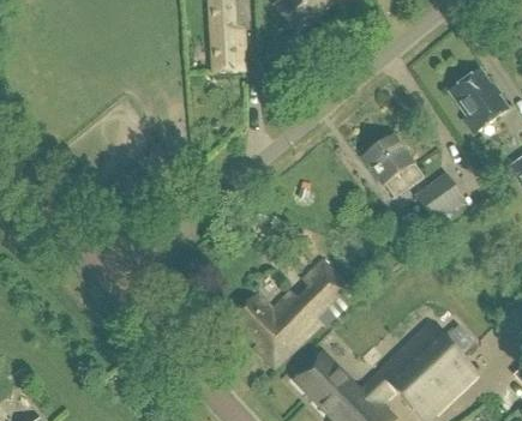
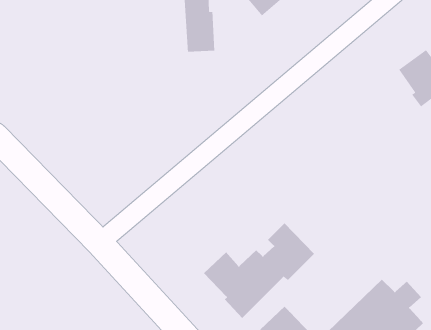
building: [361,133,424,197] -> none
building: [414,173,466,223] -> none

